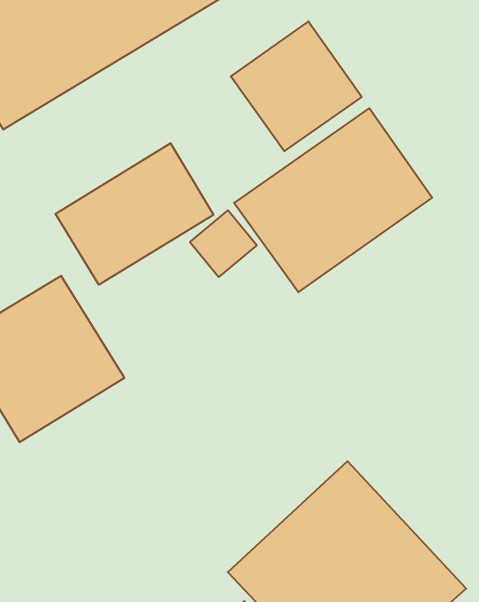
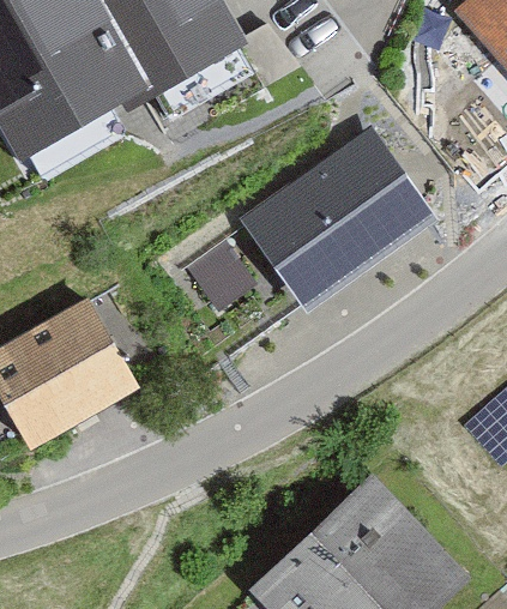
building: [231,21,362,151] -> none
building: [55,143,213,285] -> none

